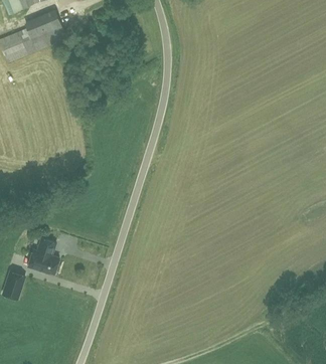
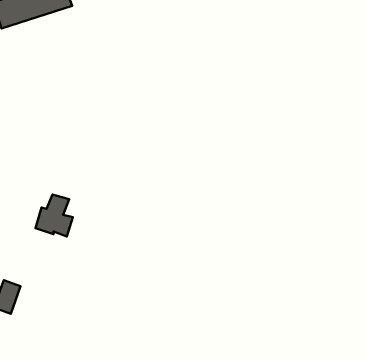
building: [28,238,59,274] -> [36,194,73,236]

